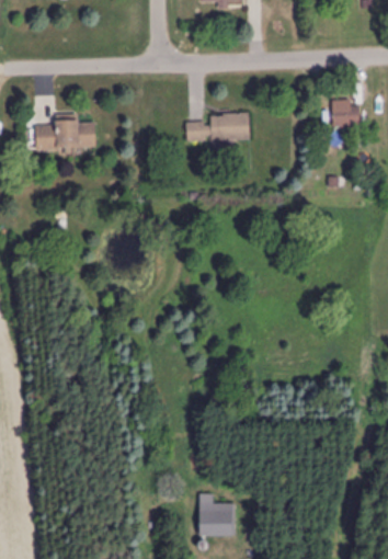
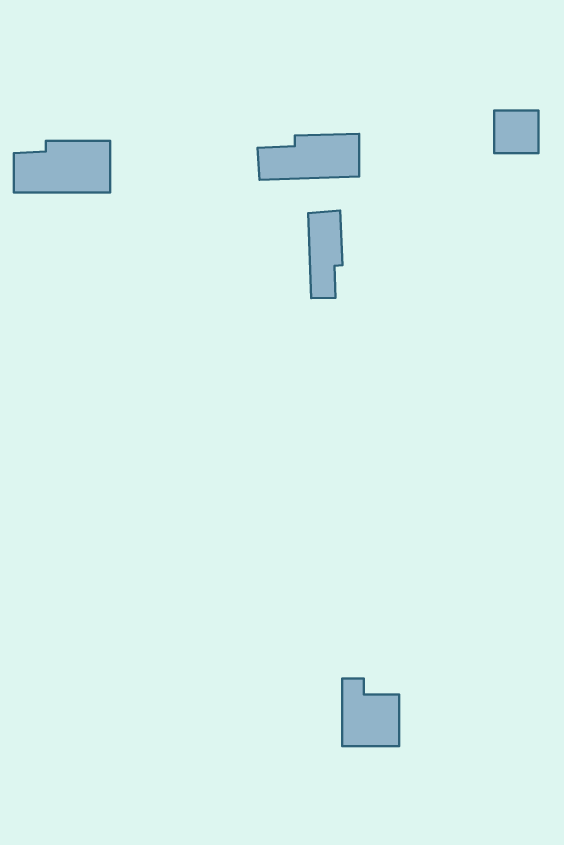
building: none -> [308,211,343,298]
building: [199,494,235,536] -> [342,678,399,746]

